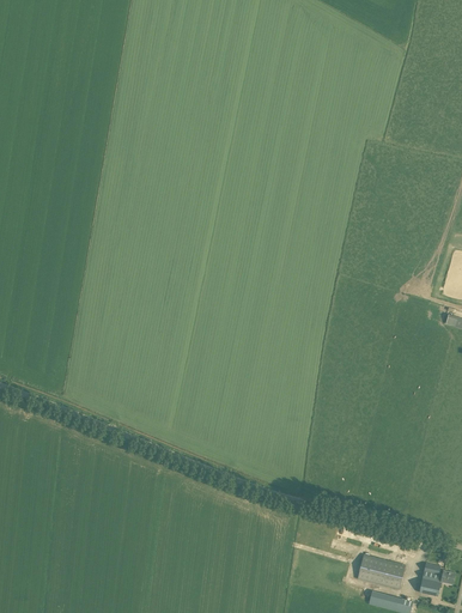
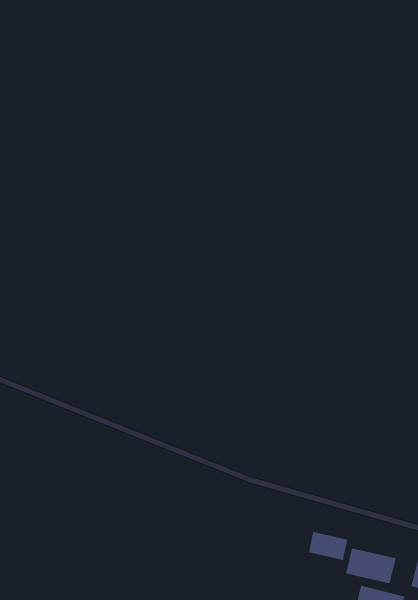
building: none -> [308,531,348,561]

